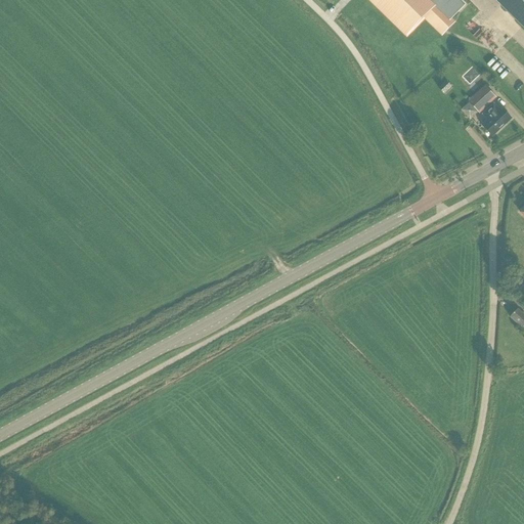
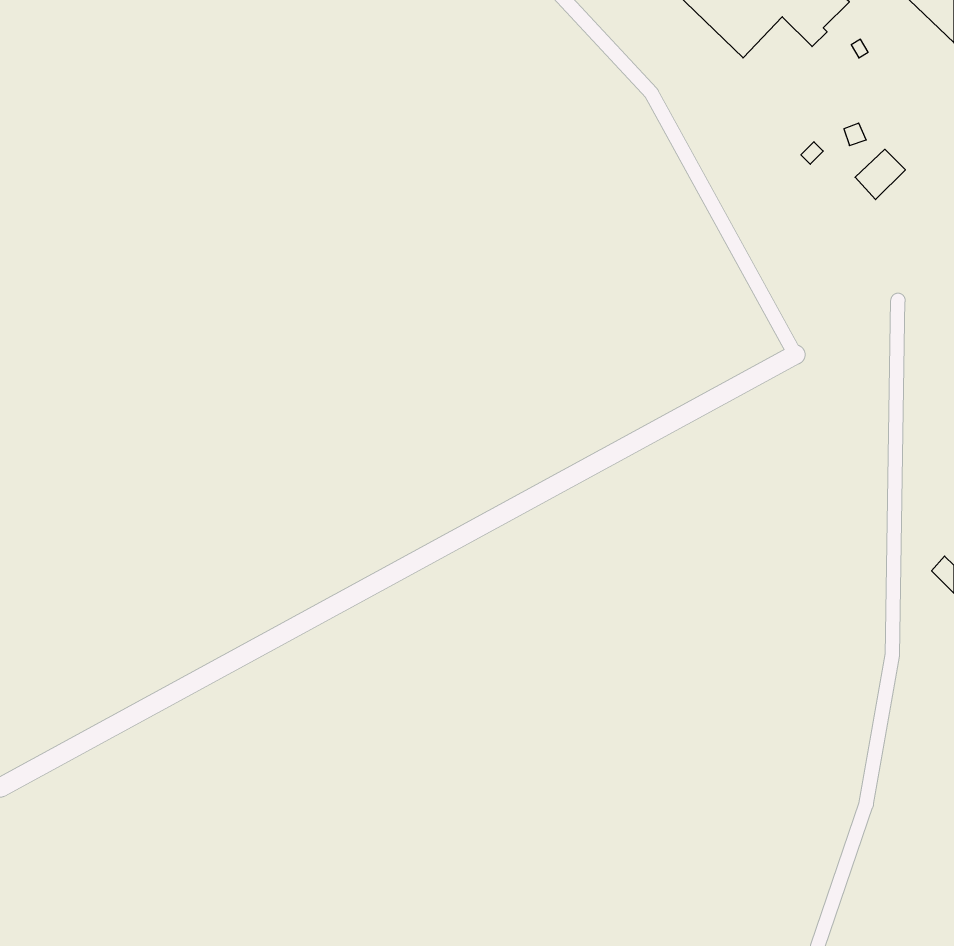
building: [482,99,512,133] -> none

